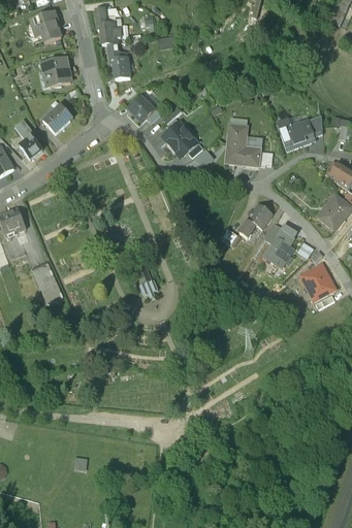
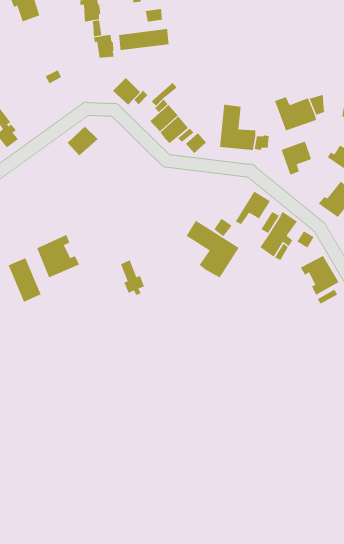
building: none -> [118,28,169,51]
building: [40,61,70,92] -> none
building: [43,109,72,137] -> [67,126,98,156]
building: none -> [281,141,312,175]
building: none -> [186,220,240,278]
building: none -> [36,234,80,278]

